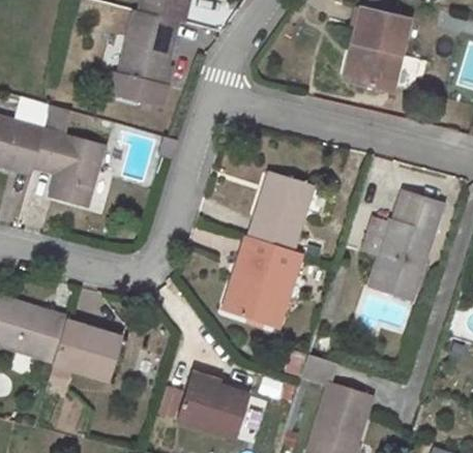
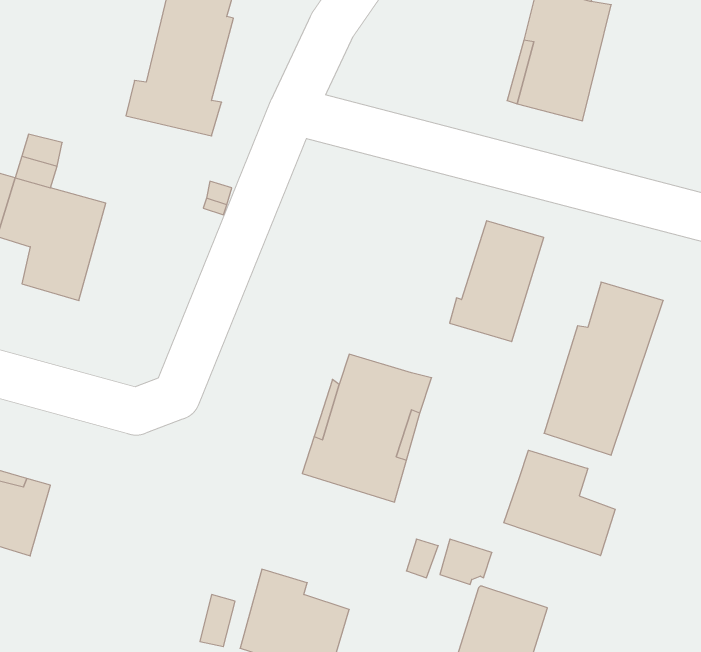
building: [248,175,306,249] -> [450,221,544,342]
building: none -> [504,450,615,556]
building: [51,316,117,382] -> none

